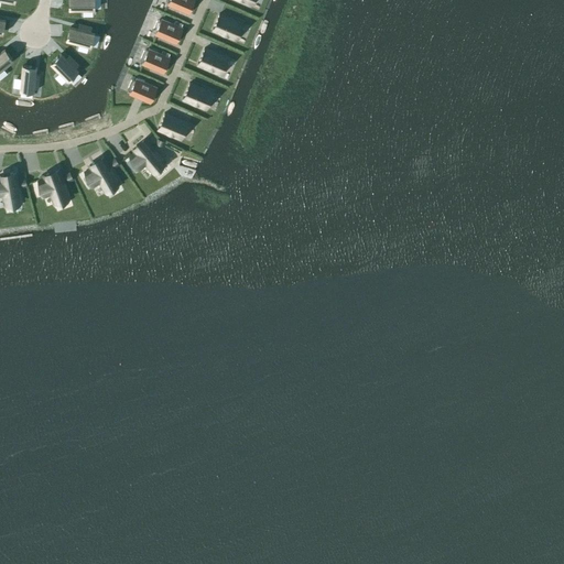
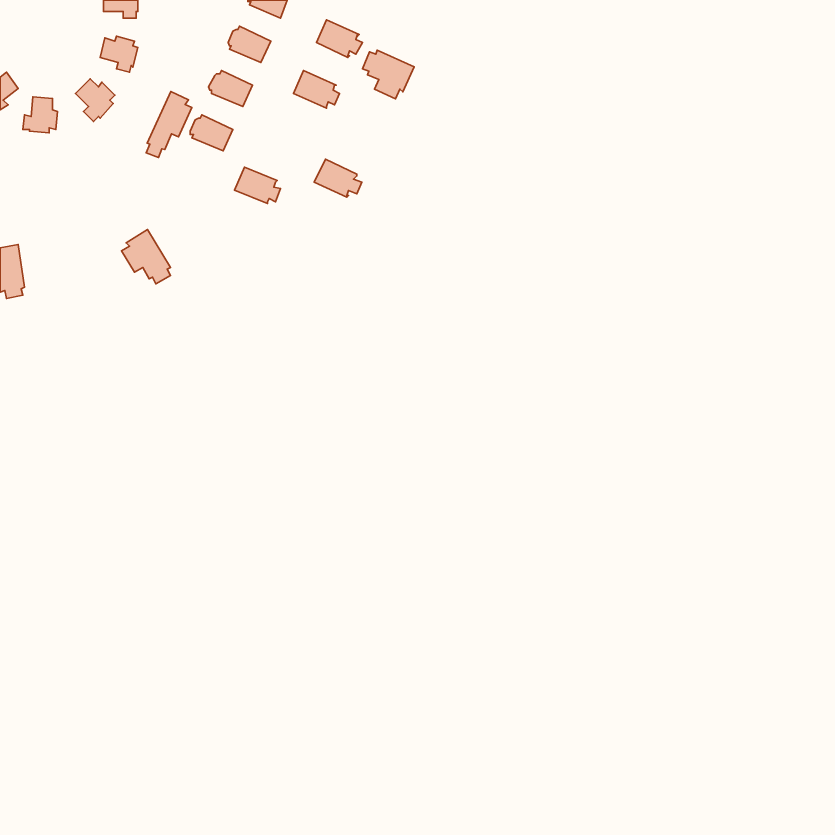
building: none -> [362,50,414,99]
building: none -> [146,91,192,157]
building: [184,84,216,109] -> [314,159,362,197]
building: [128,139,163,173] -> none
building: [39,169,68,205] -> none

